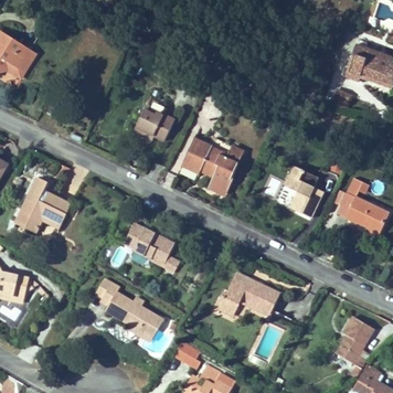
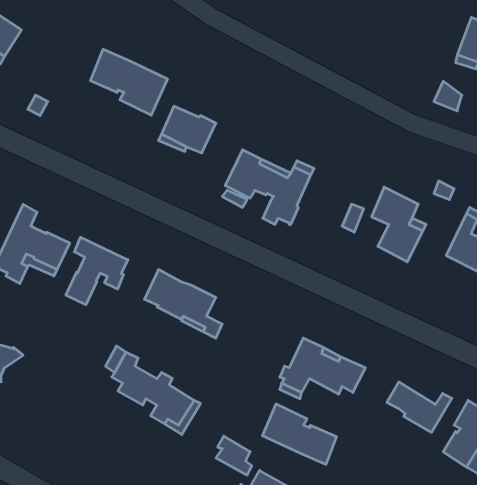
building: none -> [91,49,167,115]
building: none -> [66,237,128,305]
building: none -> [387,382,452,432]
building: none -> [262,404,336,464]

